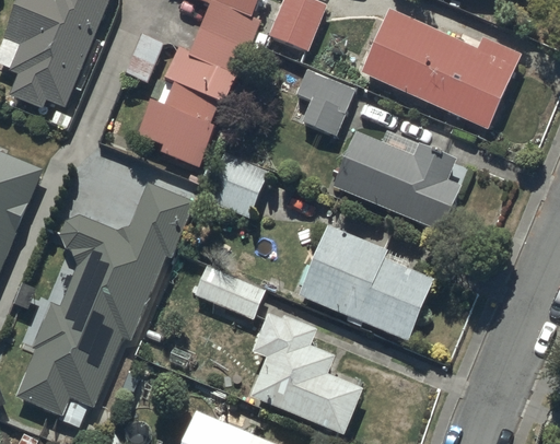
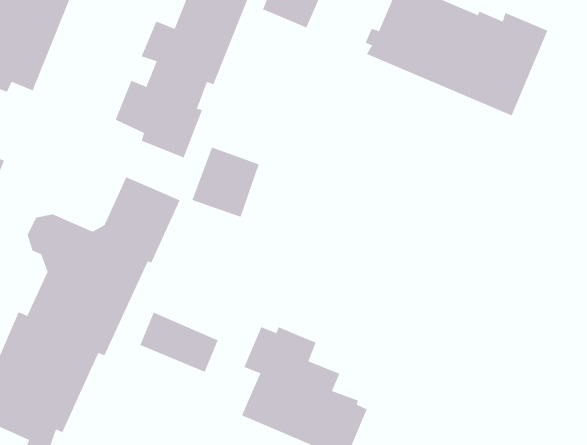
building: [295,65,355,136] -> none
building: [332,129,462,231] -> none
building: [298,223,434,340] -> none
building: [194,265,264,318] -> [139,312,219,372]

